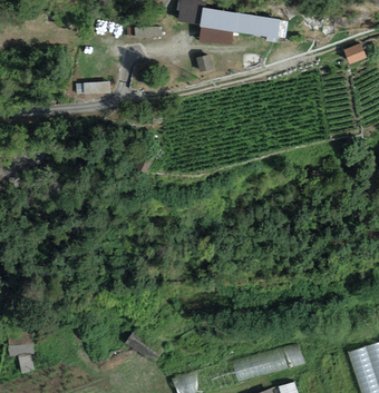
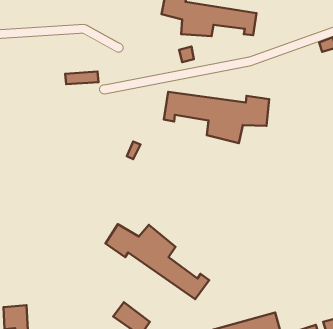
building: none -> [164,92,269,143]
building: none -> [106,224,209,299]

